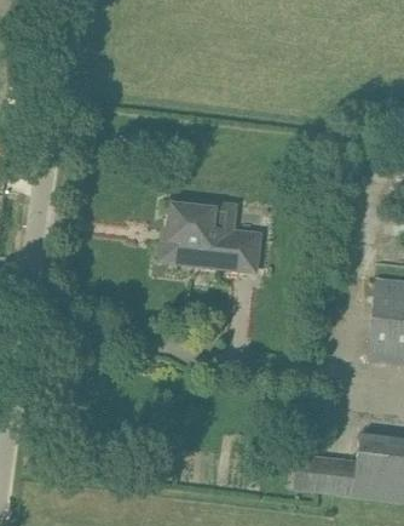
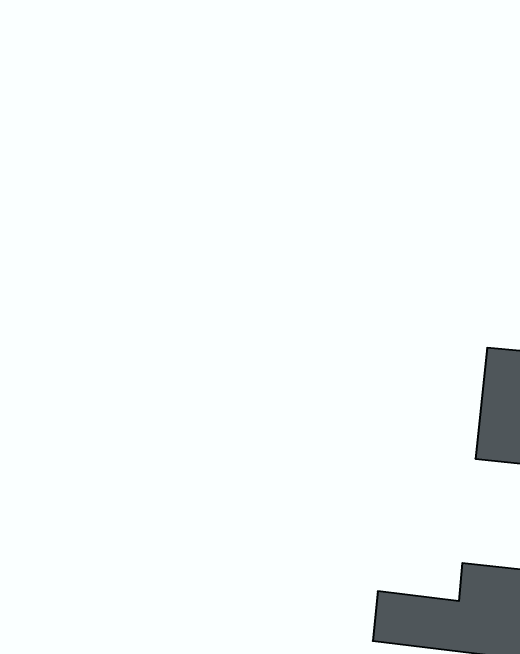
building: [158,202,259,270] -> none

